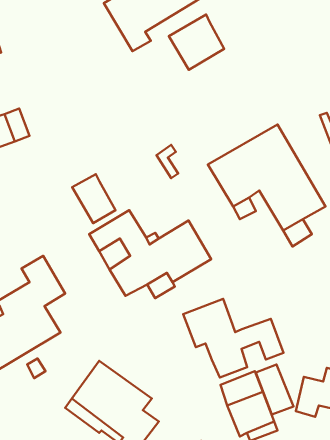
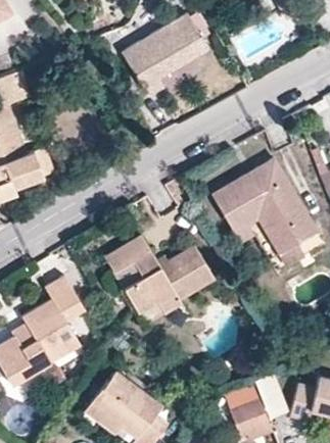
building: [169,15,224,70] -> none
building: [72,174,116,223] -> none
building: [183,299,284,377] -> none

